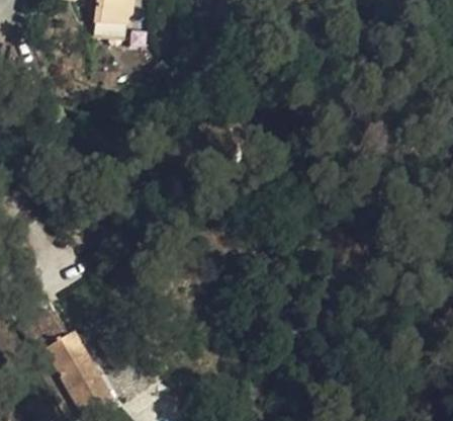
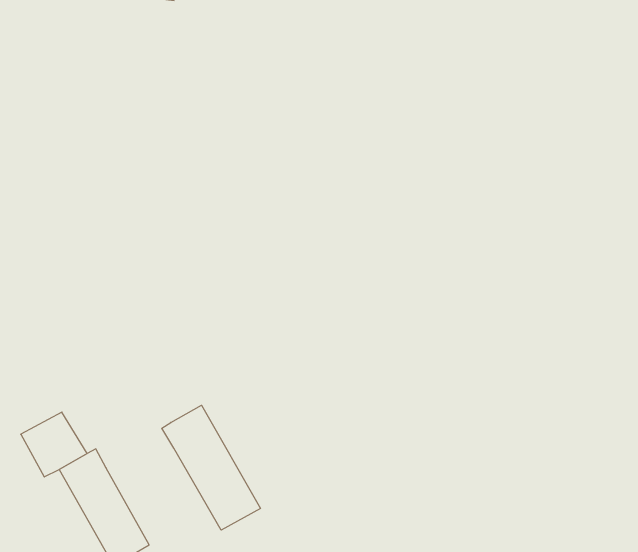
building: none -> [162,405,260,530]

